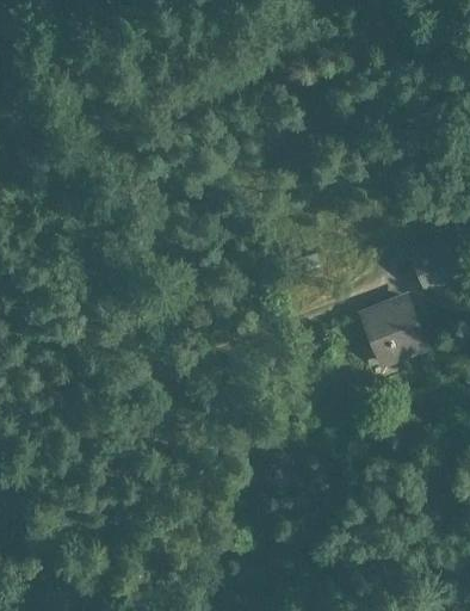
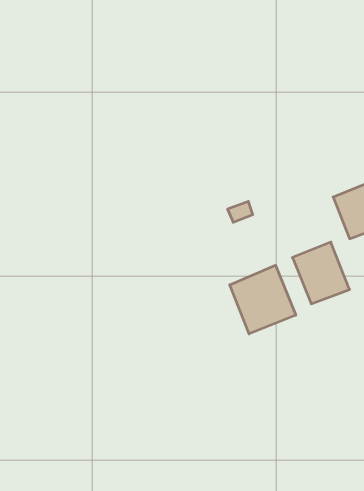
building: none -> [230,265,296,334]

